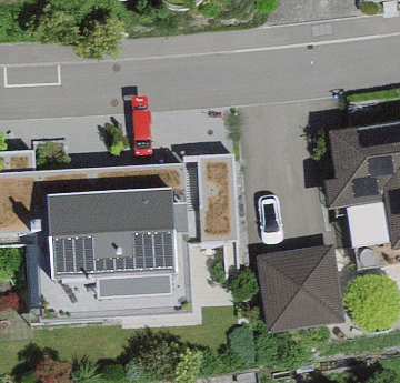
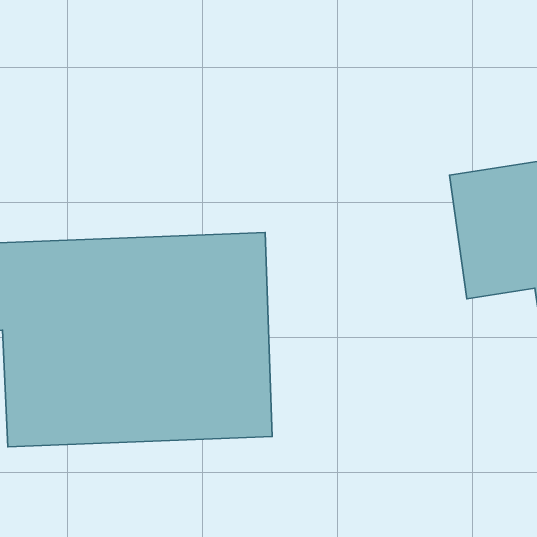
building: [256,236,343,327] -> none

